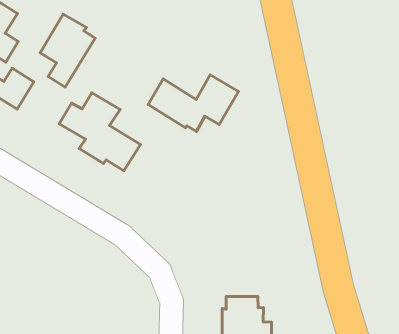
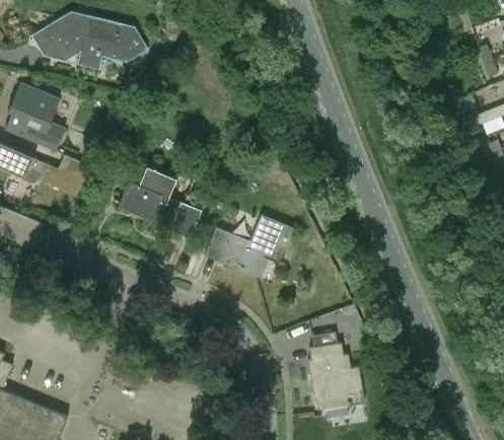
building: [40,14,95,87] -> none
building: [148,75,239,131] -> [204,215,291,273]

